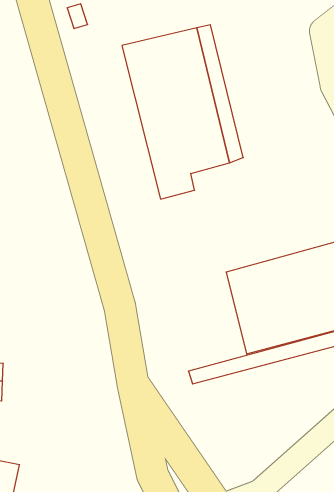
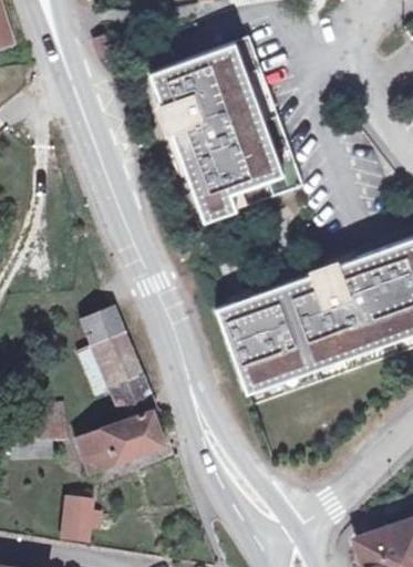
building: none -> [220,287,307,390]
building: none -> [76,308,161,474]

